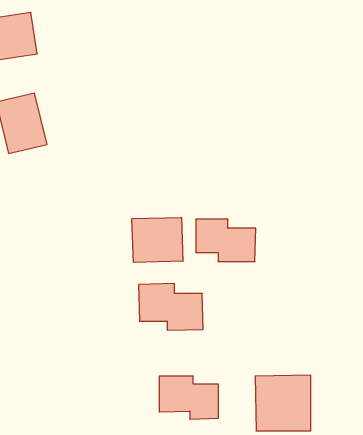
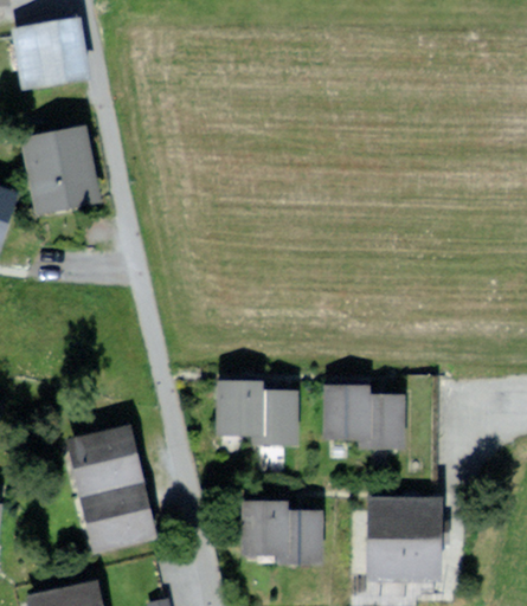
building: [132,217,183,262] -> none
building: [196,219,256,262] -> [327,388,406,444]
building: none -> [69,432,150,546]

